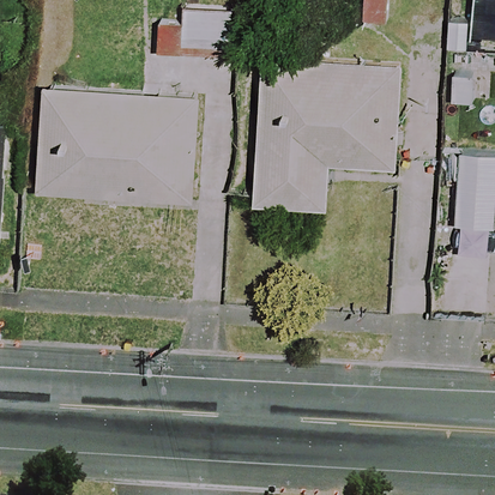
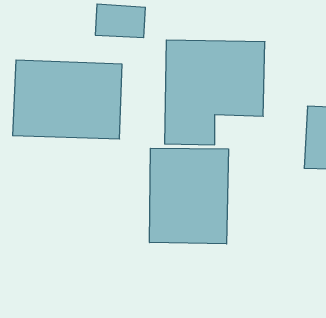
building: none -> [150,148,228,244]

